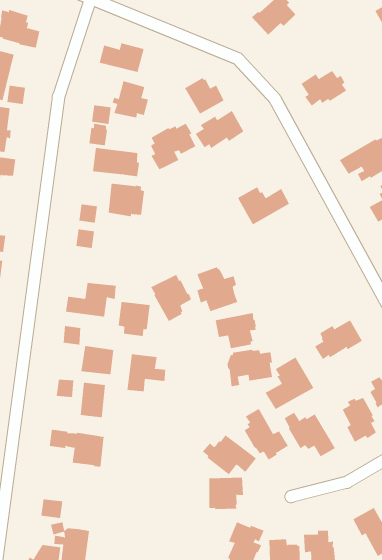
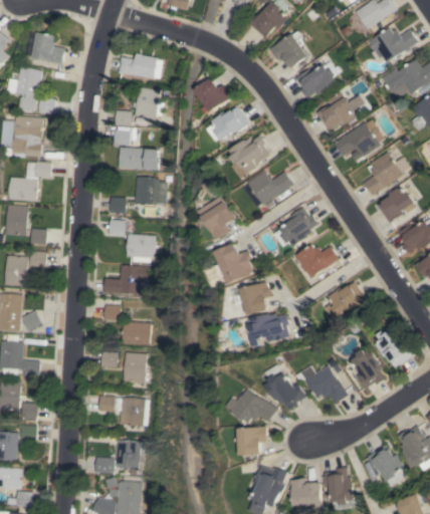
building: none -> [270,30,308,67]
building: none -> [315,91,358,131]
building: [150,123,196,170] -> [229,135,269,178]
building: none -> [279,207,317,247]
building: none -> [294,244,339,277]
building: [150,274,192,322] -> [200,197,237,239]
building: [118,301,150,336] -> [127,234,154,263]
building: [127,354,166,392] -> none
building: [265,357,314,410] -> none
building: none -> [115,440,142,467]

